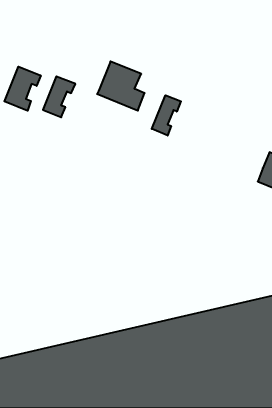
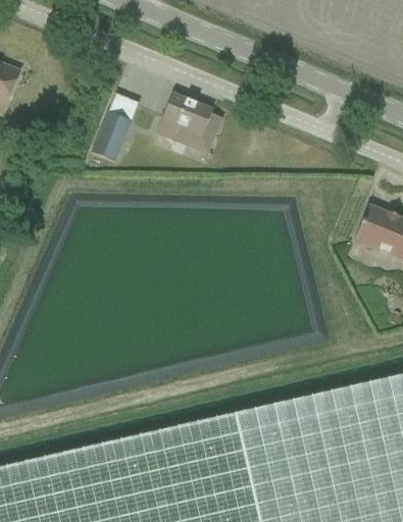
building: [4,67,41,111] -> none
building: [152,95,181,136] -> none

